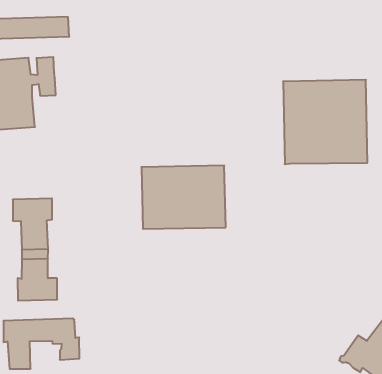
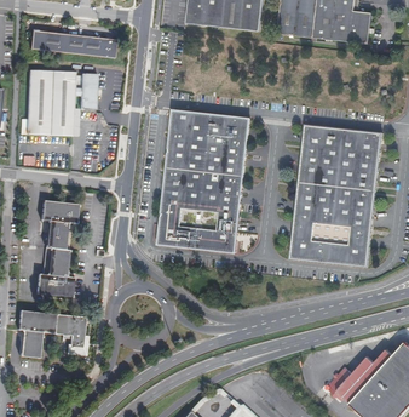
building: none -> [165,110,249,195]
building: none -> [290,201,373,267]

